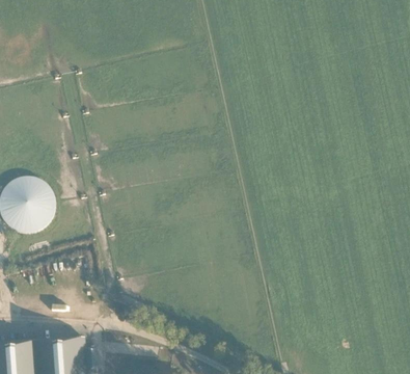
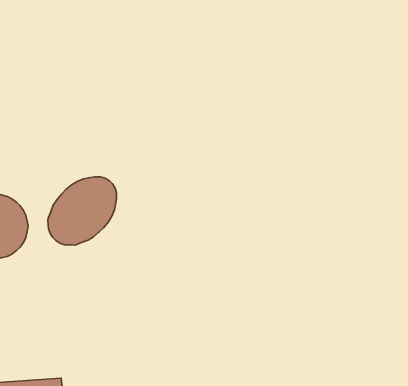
building: none -> [48,177,117,245]

